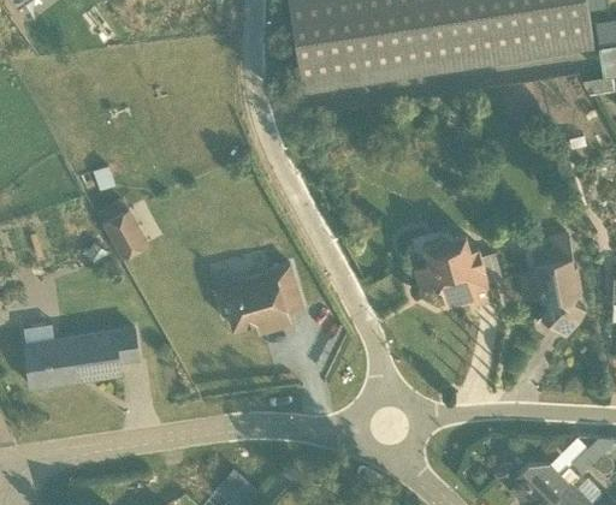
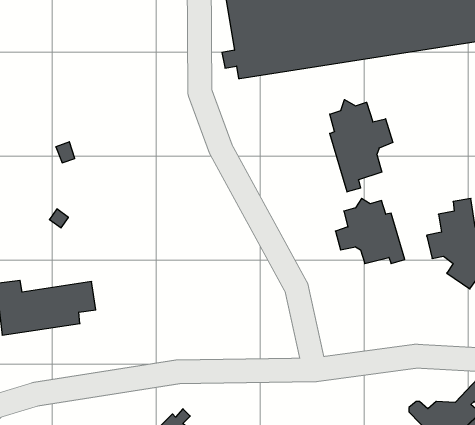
building: none -> [330,100,393,192]
building: [97,200,149,261] -> none
building: [213,266,303,335] -> none

